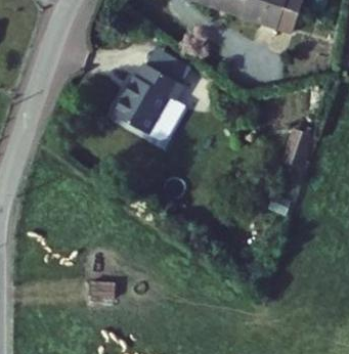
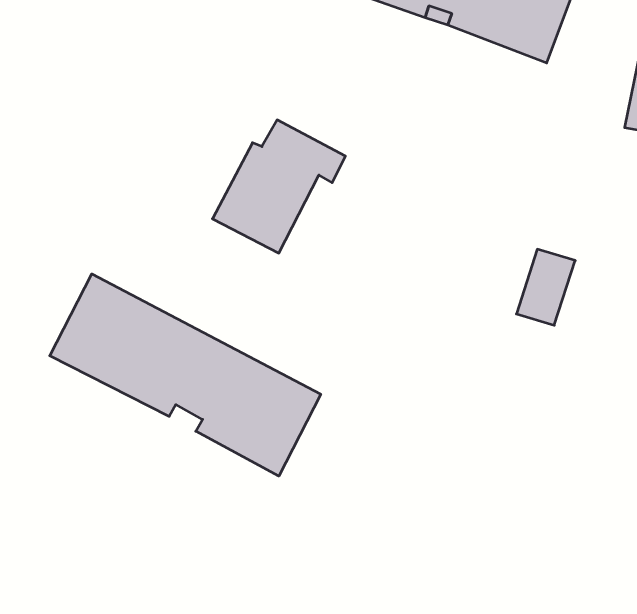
building: none -> [50,274,321,476]

